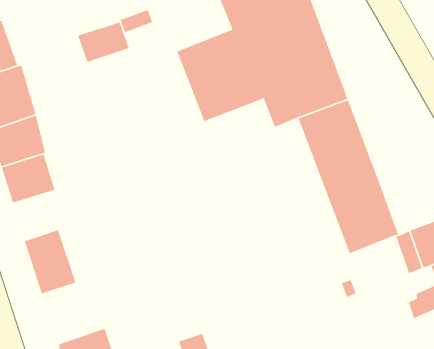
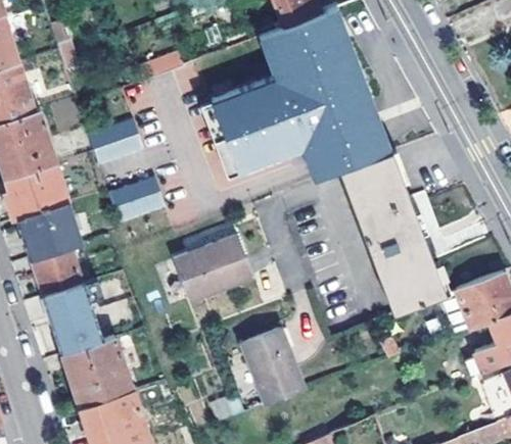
building: [77,22,130,63] -> [88,122,144,166]
building: none -> [108,180,167,228]
building: none -> [160,240,241,304]
building: none -> [33,247,82,298]
building: none -> [241,331,304,407]
building: none -> [63,339,132,408]

